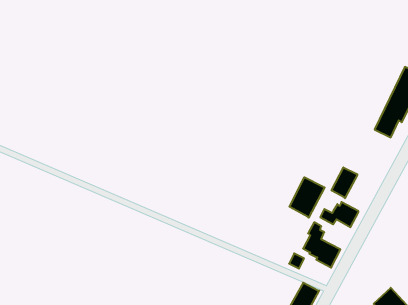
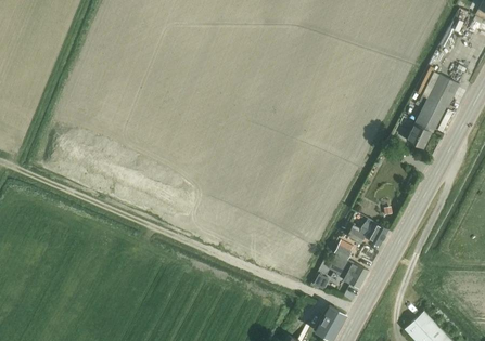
building: [332,167,357,198] -> none
building: [289,177,325,218] -> none

